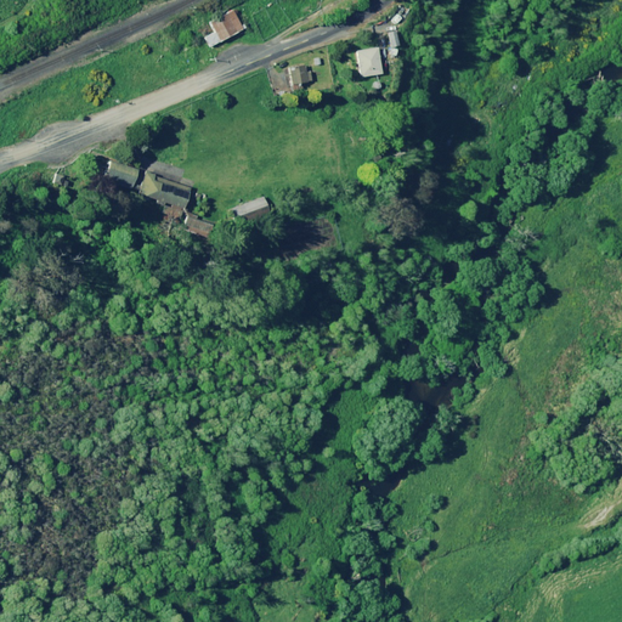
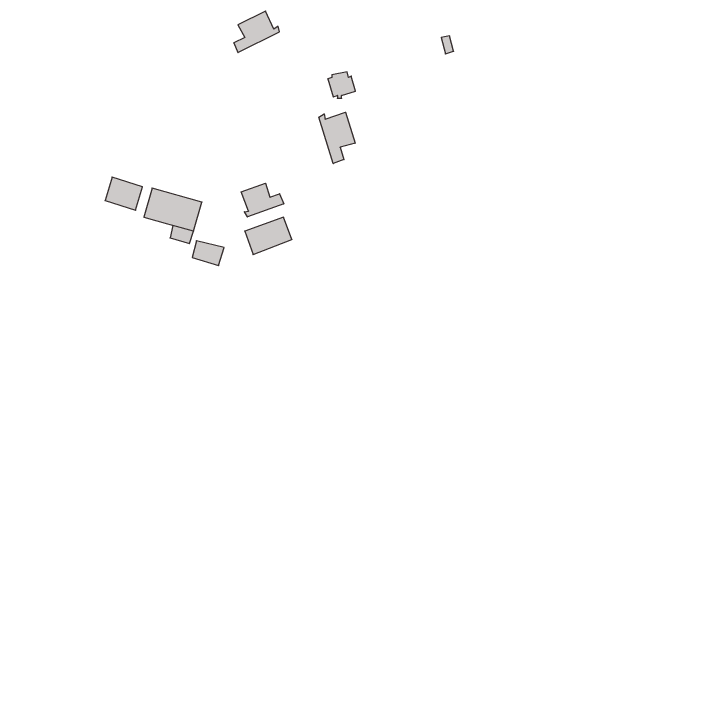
building: [358,47,384,77] -> none
building: none -> [319,112,355,164]
building: none -> [241,183,284,217]

